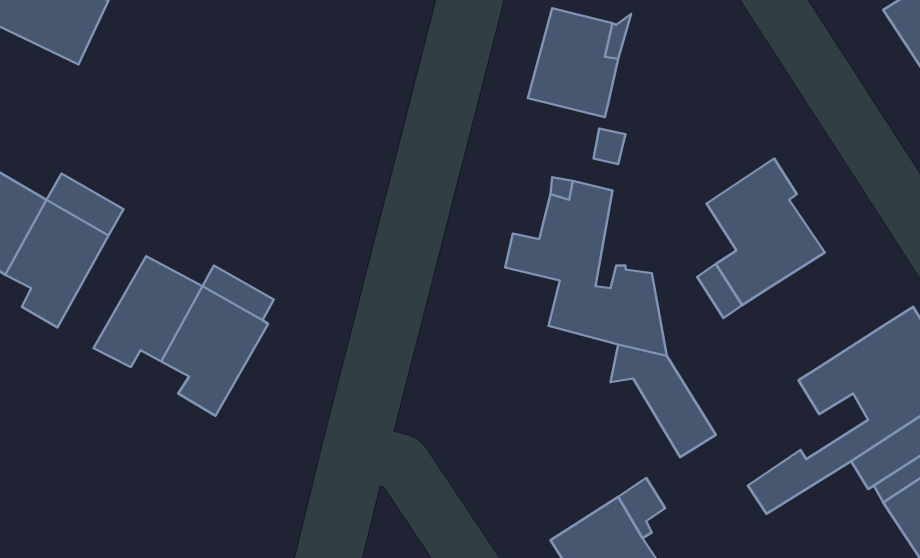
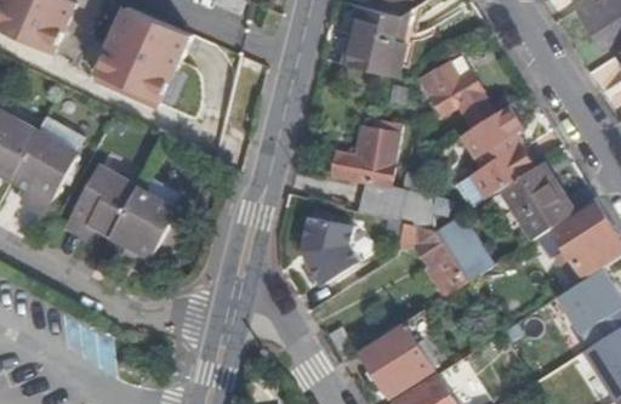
building: none -> [95,7,190,107]
building: none -> [420,56,482,114]
building: none -> [501,161,575,239]
building: none -> [435,216,492,283]
building: none -> [304,217,360,289]

